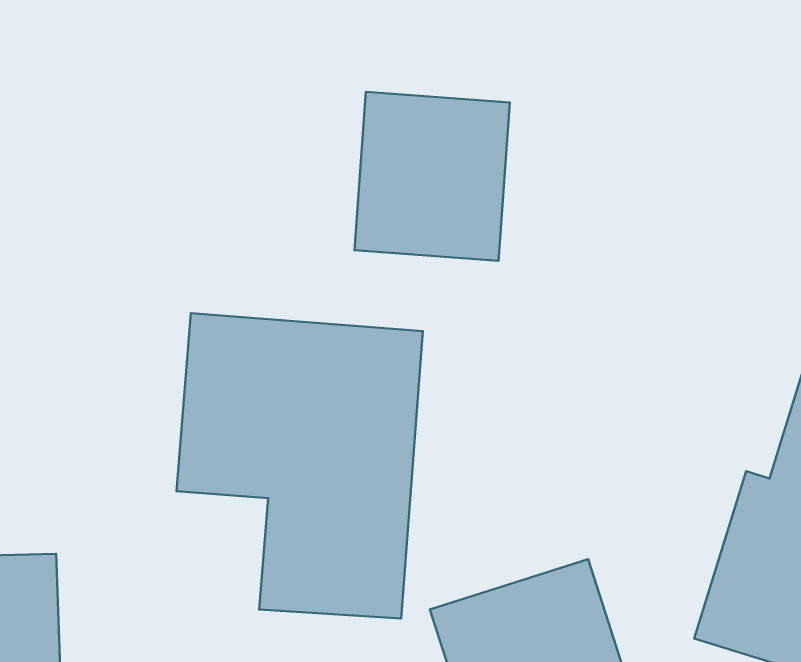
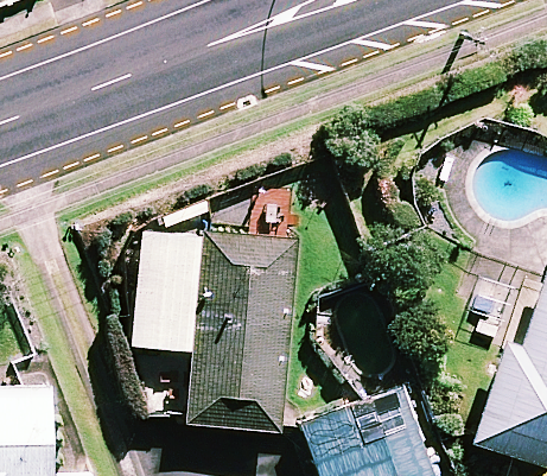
building: [354,92,510,261] -> none

